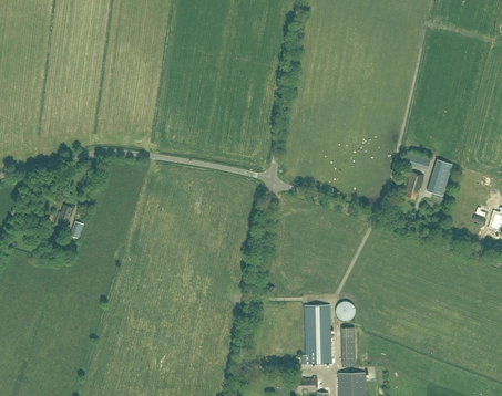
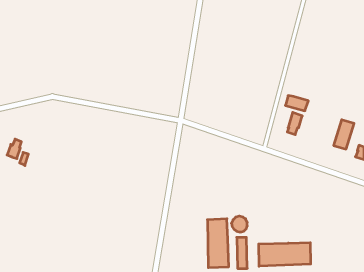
building: [427,159,452,196] -> [334,120,354,149]
building: none -> [259,243,311,266]

